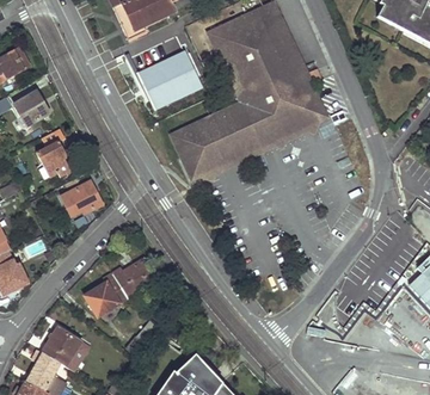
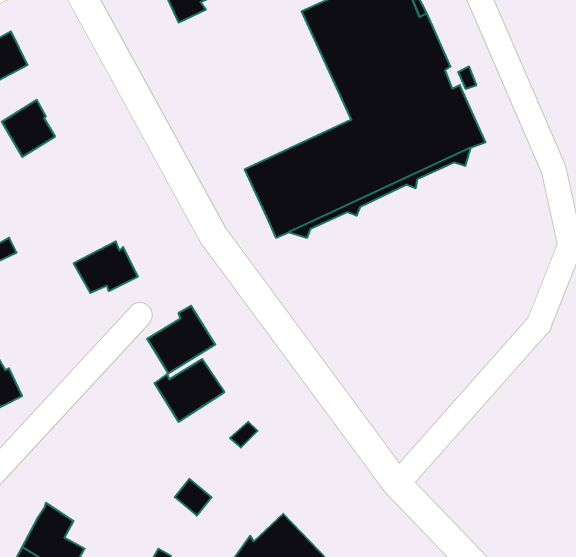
building: [139,50,202,109] -> none
building: [36,140,69,175] -> none
building: [84,272,128,316] -> [147,306,215,374]
building: [42,326,80,364] -> none

